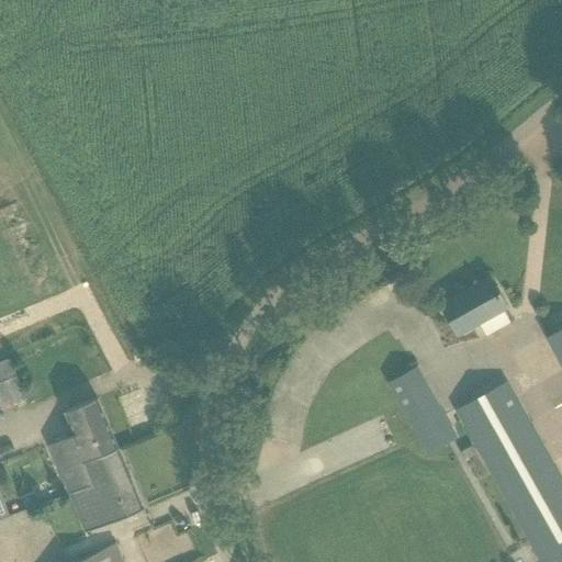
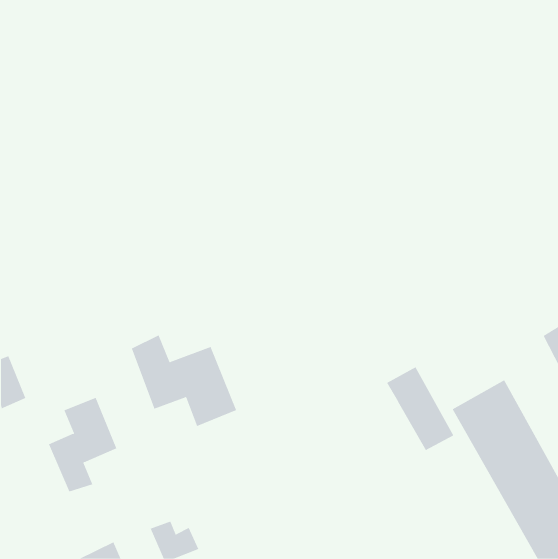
building: [441,279,510,335] -> none
building: none -> [131,334,237,427]
building: [70,450,143,532] -> none

